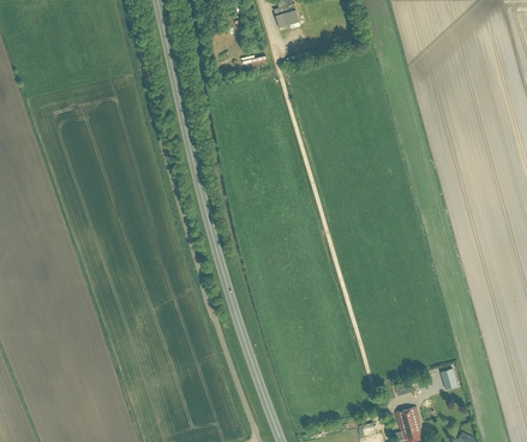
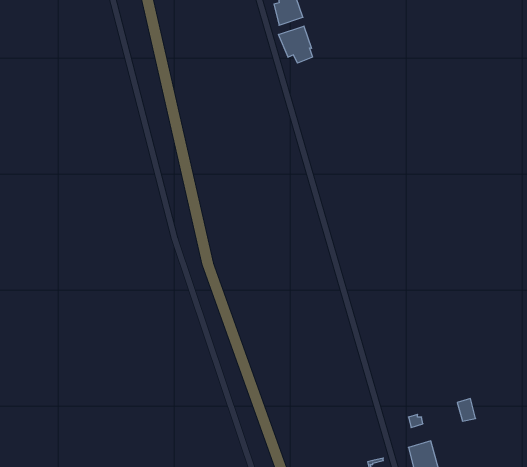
building: none -> [279,26,312,63]

